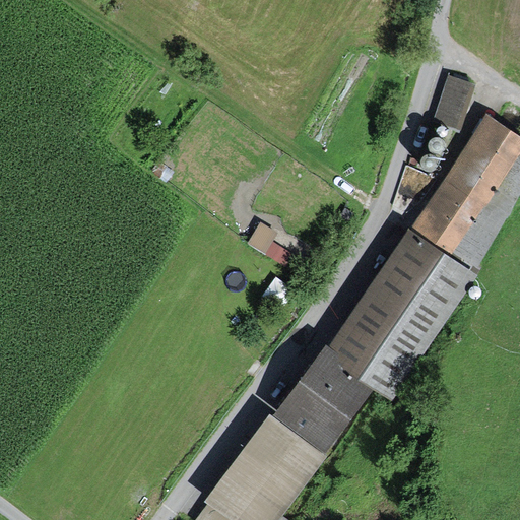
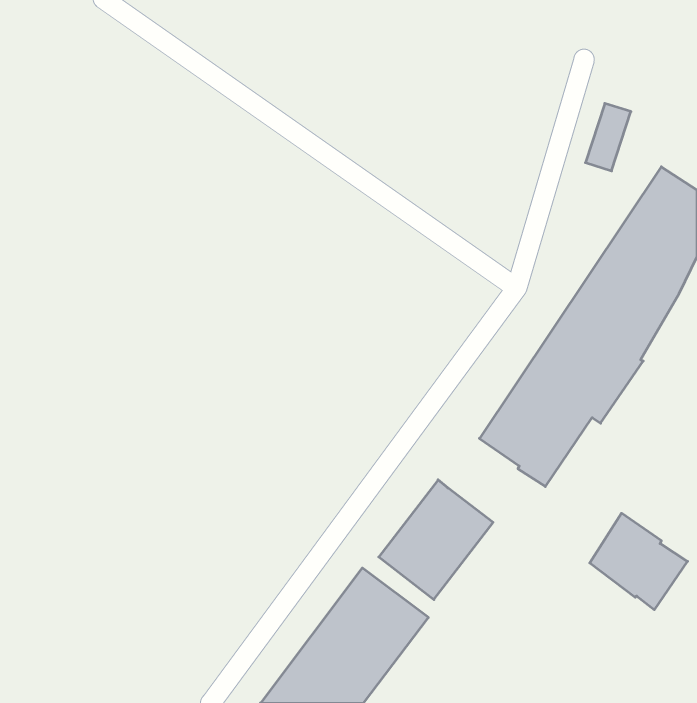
building: [244,219,288,262] -> none
building: [330,323,402,394] -> [590,513,688,610]

